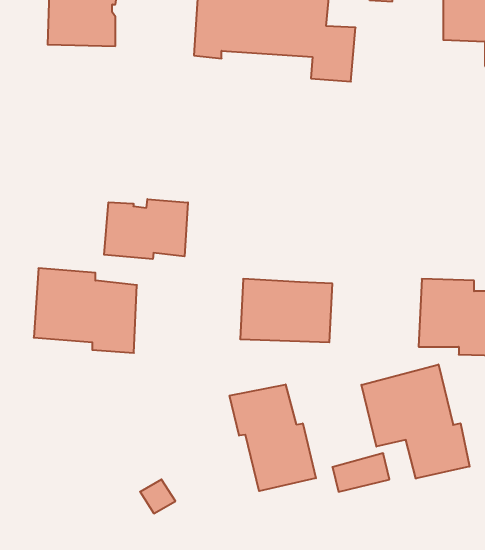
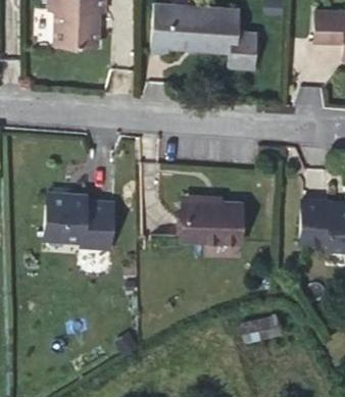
building: [104,199,188,259] -> none
building: [361,364,470,479] -> none
building: [230,384,316,491] -> none

